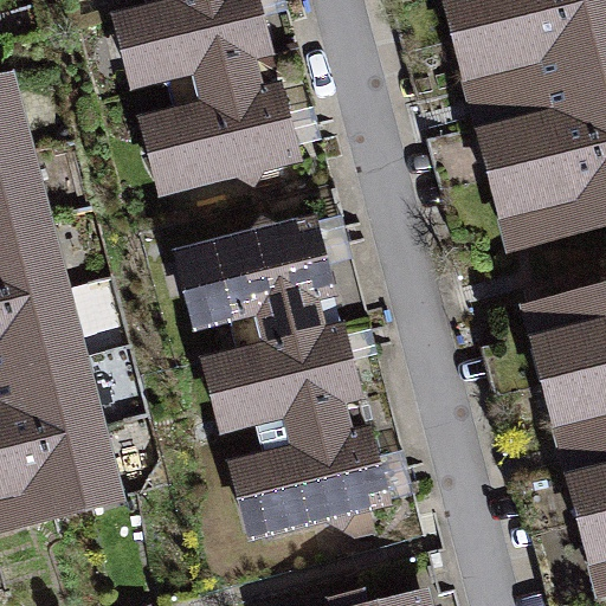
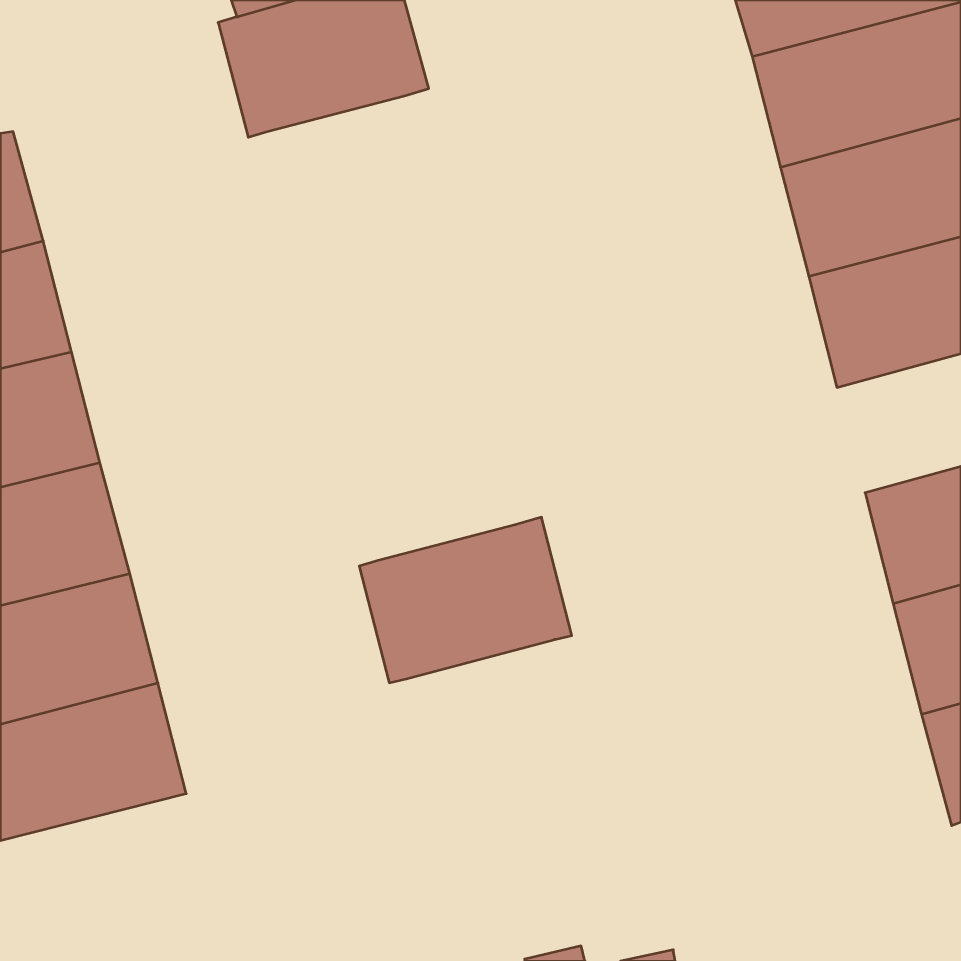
building: [165,60,297,189] -> none
building: [199,223,333,353] -> none
building: [253,402,387,535] -> none

